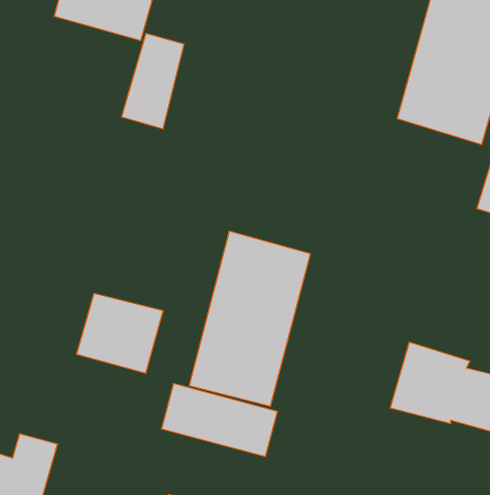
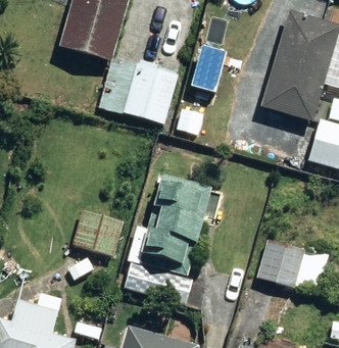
building: none -> [125,61,178,122]

